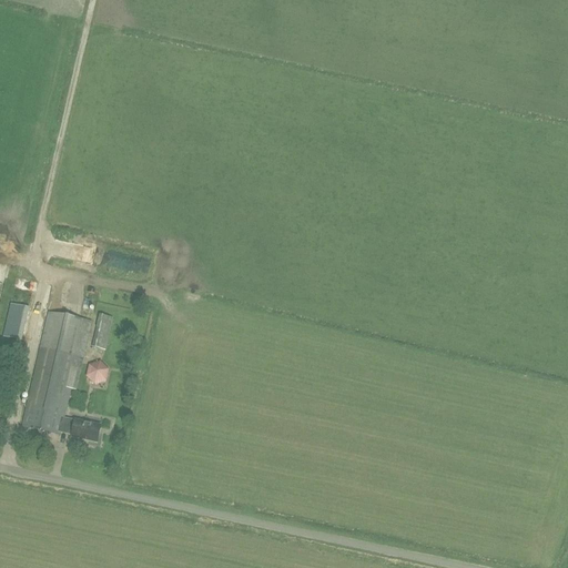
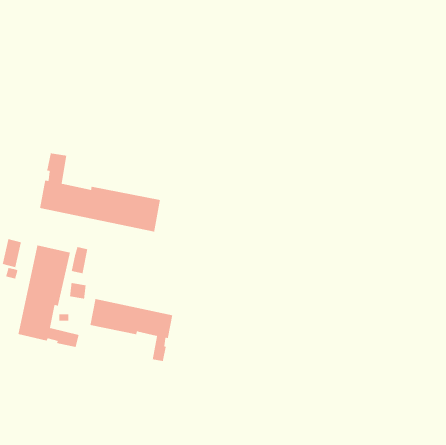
building: none -> [39,152,161,232]
building: none -> [90,298,173,362]

